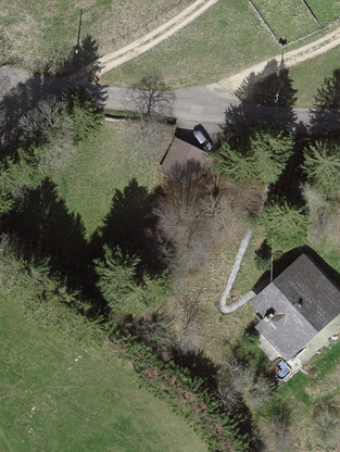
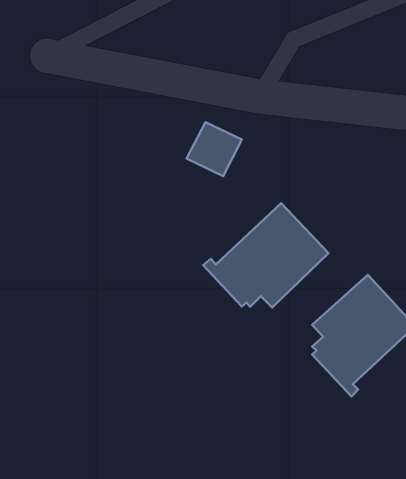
building: none -> [203,203,329,308]

